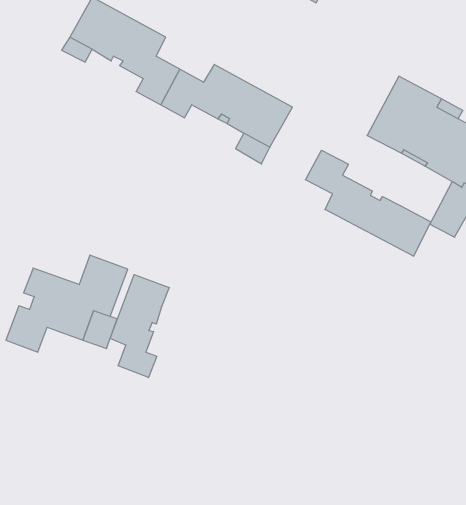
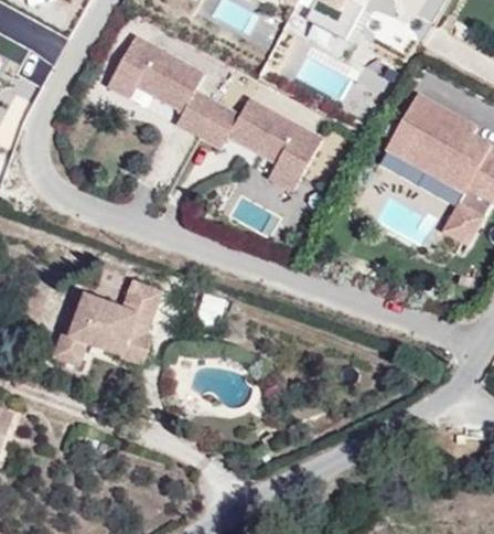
building: [305,150,431,256] -> none
building: [110,275,169,378] -> none

